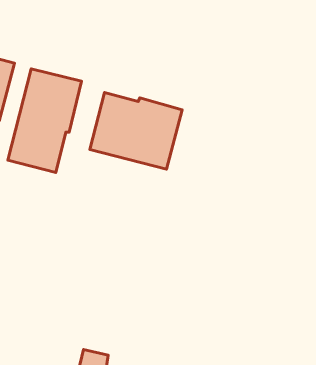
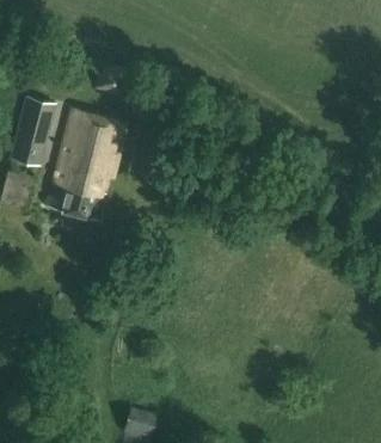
building: [90,93,182,169] -> none

